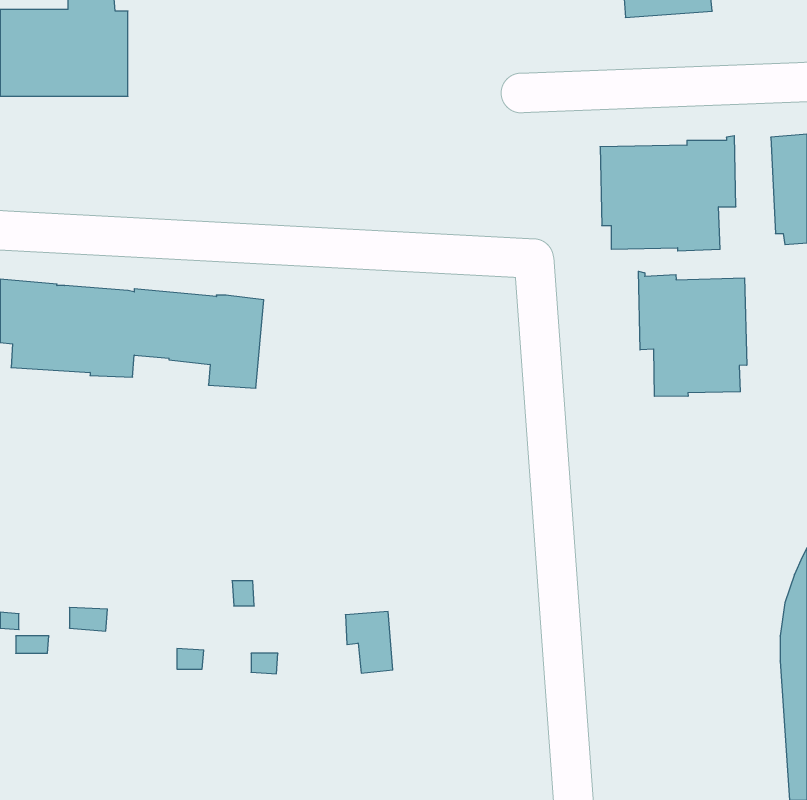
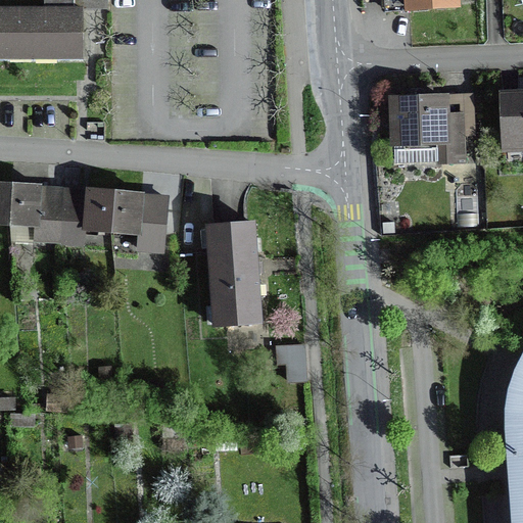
building: [638,271,747,396] -> none
building: none -> [200,221,264,328]
building: [345,612,393,673] -> [277,341,307,381]

